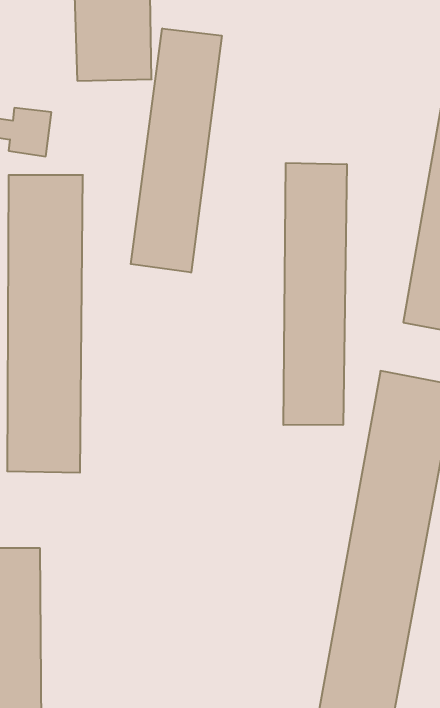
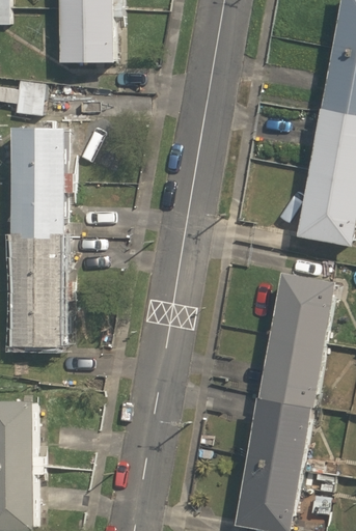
building: [131,28,222,273] -> none
building: [283,163,347,425] -> none

